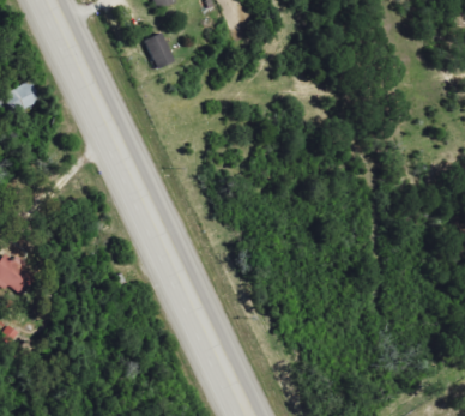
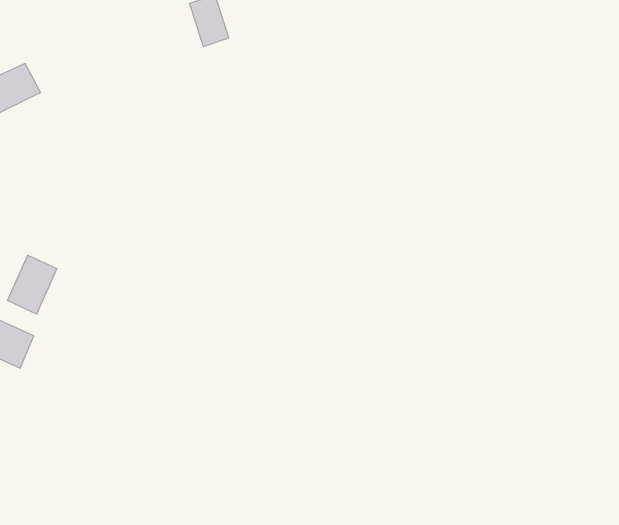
building: none -> [7,255,57,314]

